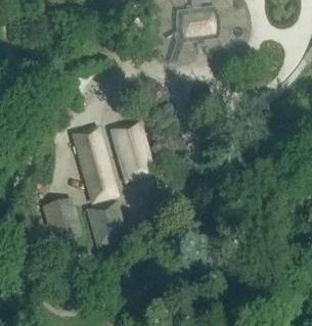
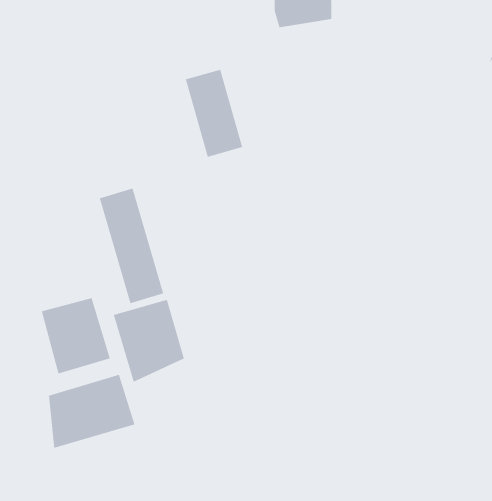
building: [115,125,149,178] -> [185,69,243,158]
building: none -> [48,374,136,449]

